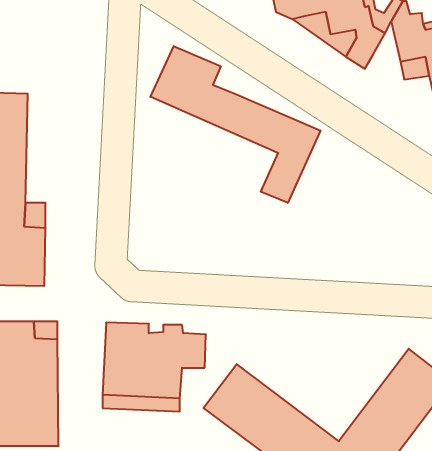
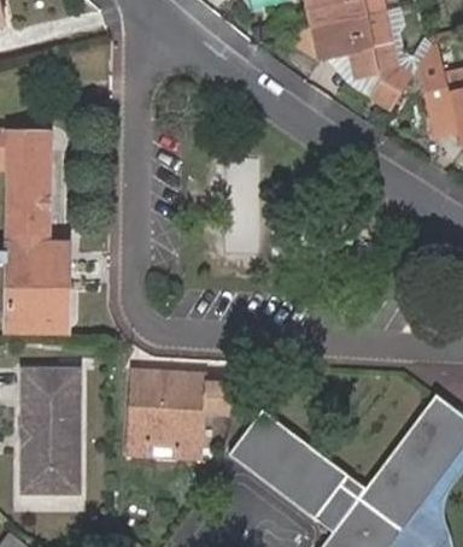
building: [150,46,320,203] -> none

